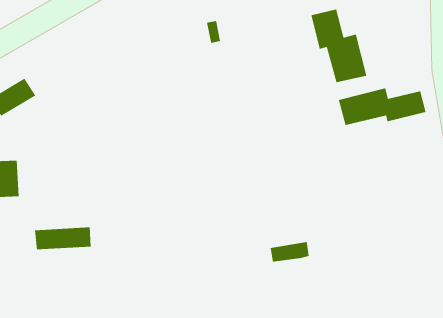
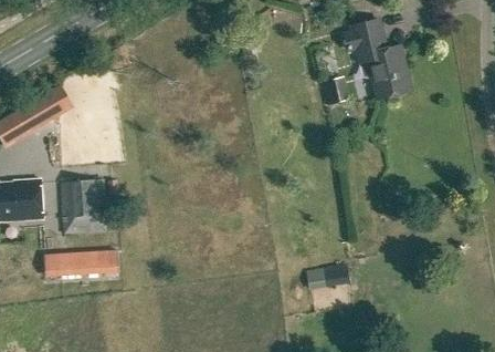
building: [338,88,426,126] -> none
building: none -> [60,182,107,236]

